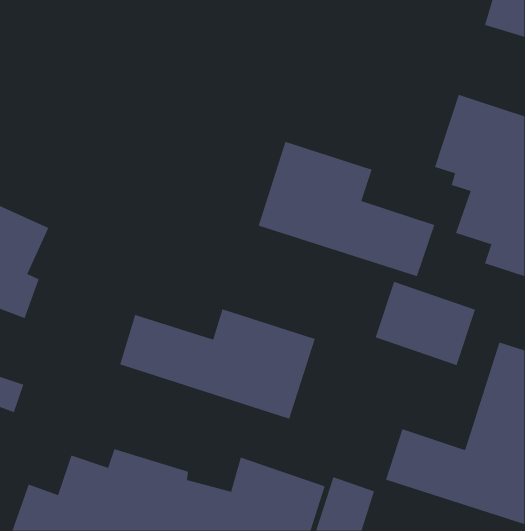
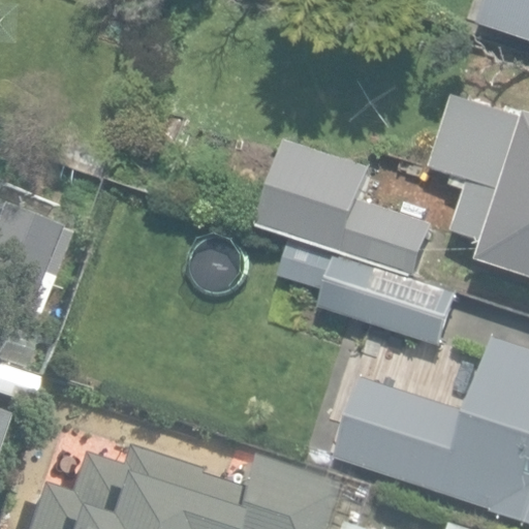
building: [120,308,315,420] -> none

